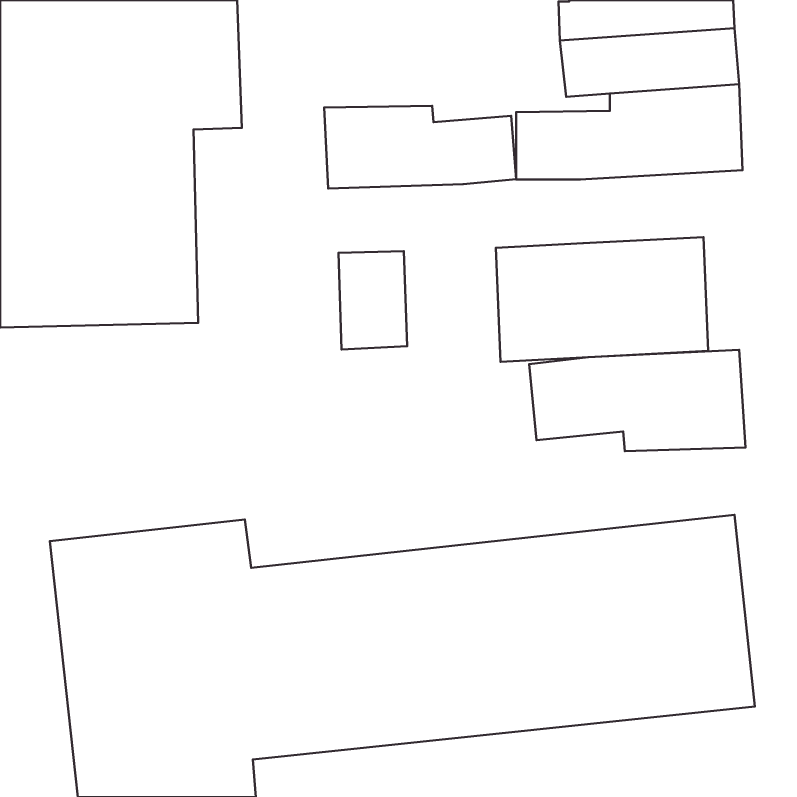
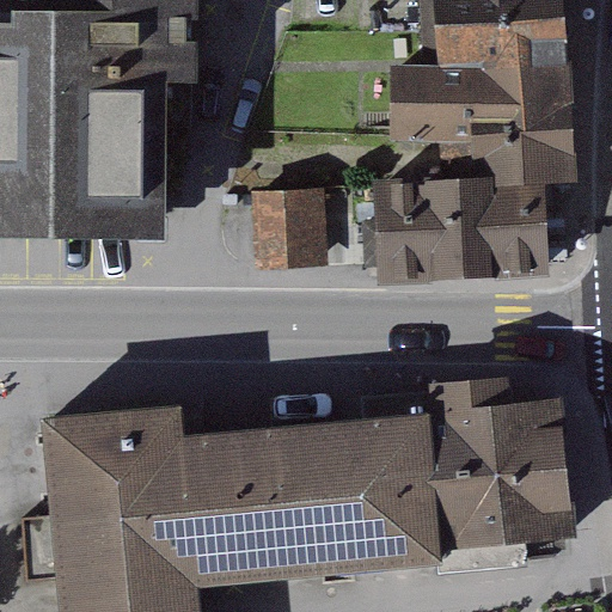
building: [324,106,516,189] -> none
building: none -> [445,130,573,186]
building: [529,350,746,451] -> none

